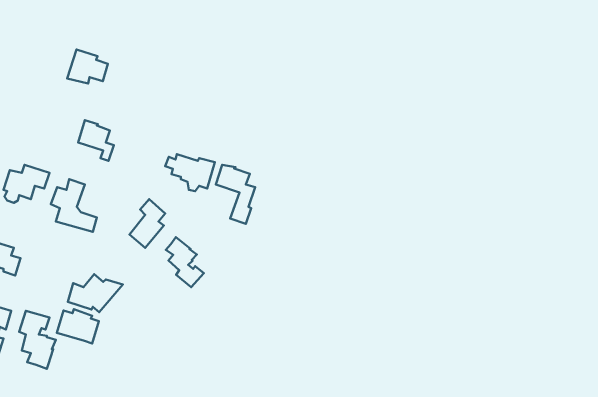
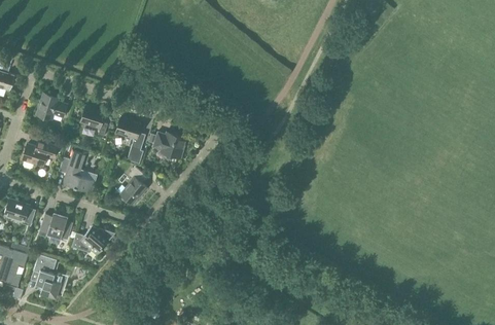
building: [67,49,108,84] -> [35,93,67,119]
building: [216,165,255,224] -> [114,117,145,164]
building: [166,237,204,287] -> none
building: [57,309,99,343] -> [39,213,72,240]

